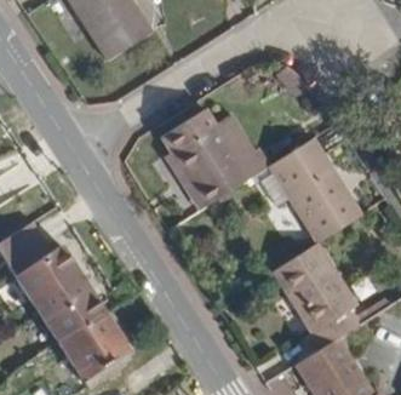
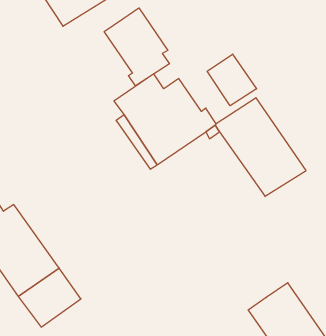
building: none -> [104,8,169,86]
building: none -> [207,54,257,106]
building: [280,240,371,349] -> none

